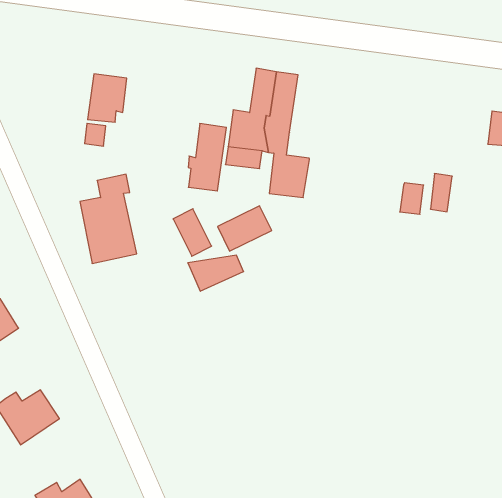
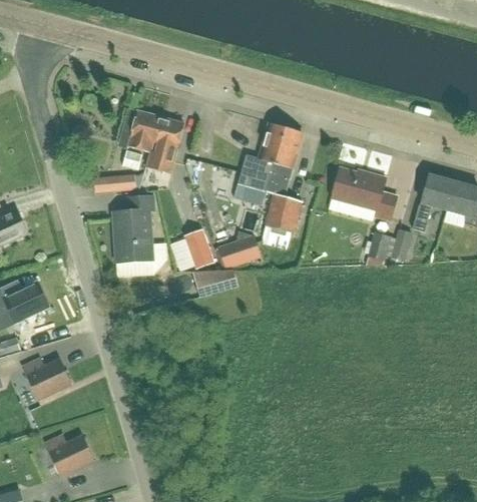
building: none -> [413,175,453,230]
building: none -> [331,167,397,219]
building: [188,124,226,191] -> [146,117,183,173]
building: none -> [93,173,135,192]

